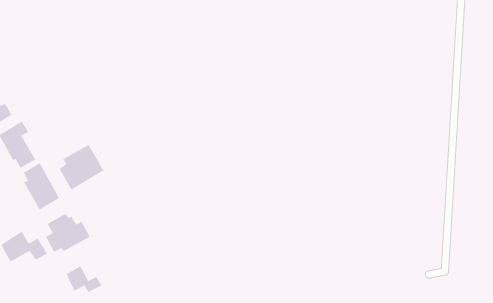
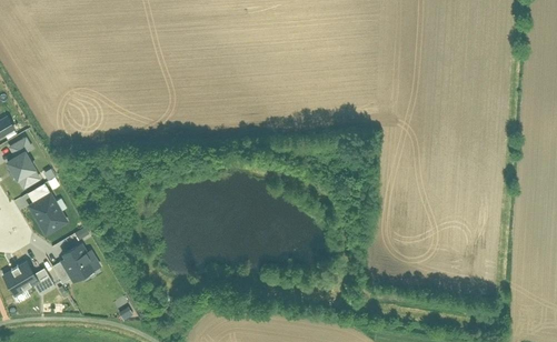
building: [59,144,104,191] -> none
building: [66,265,102,293] -> none

